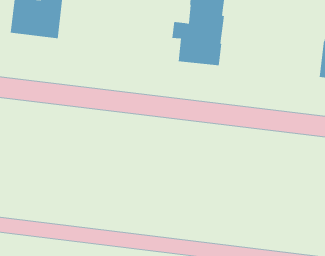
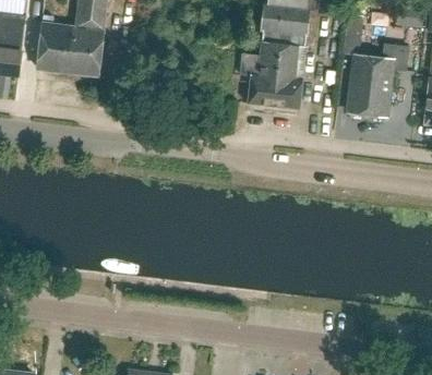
building: none -> [347,44,407,117]

